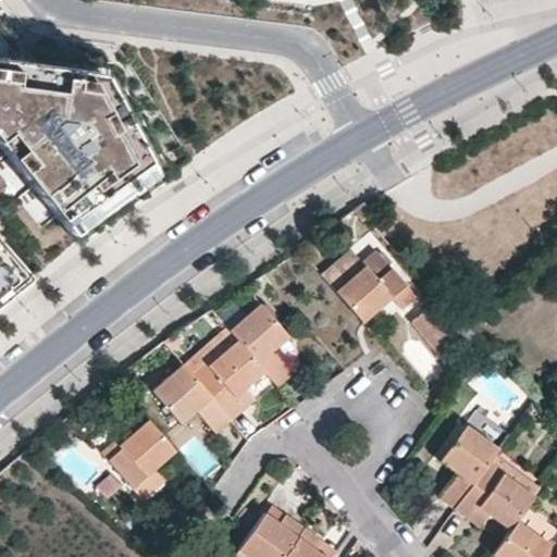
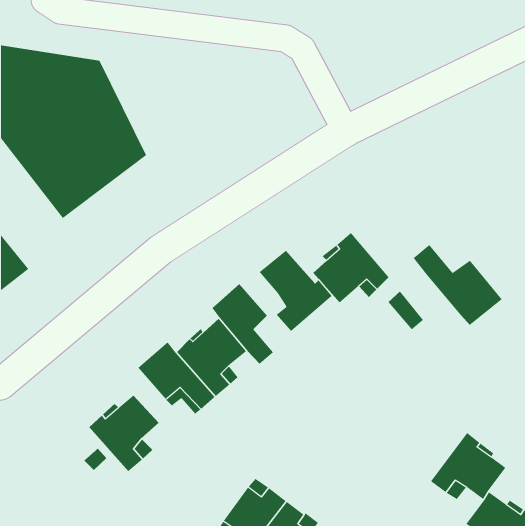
building: none -> [413,244,502,326]
building: none -> [259,250,332,332]
building: [441,425,502,509] -> none

